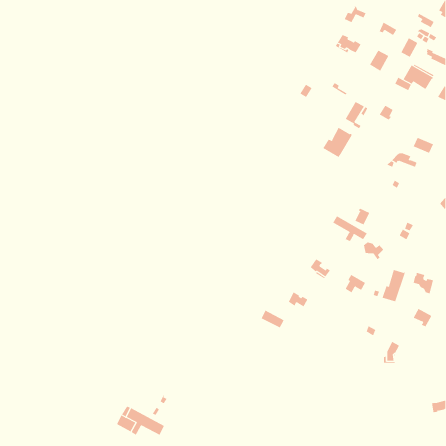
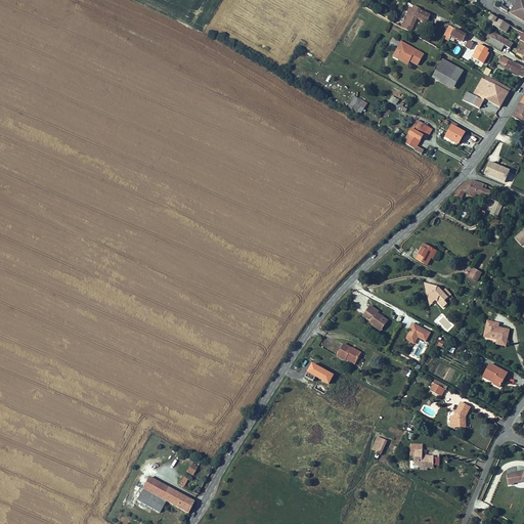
building: [323,127,352,158] -> none
building: [333,216,367,242] -> none
building: [382,269,405,302] -> none
building: none -> [409,444,432,468]

